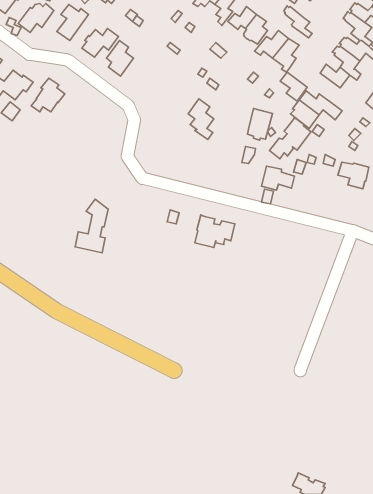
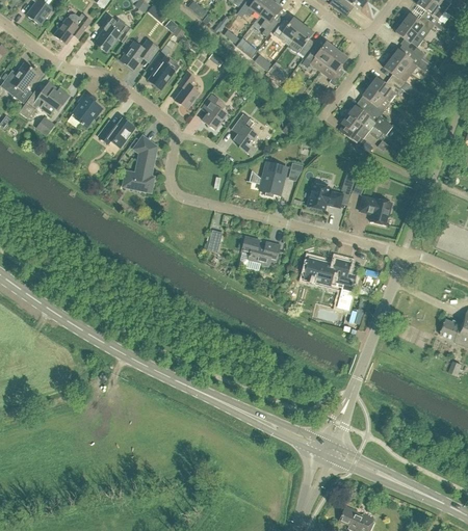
building: [284,6,312,38] -> none
building: none -> [175,72,199,107]
building: [280,72,307,101] -> [362,85,390,115]
building: none -> [202,94,227,128]
building: none -> [98,117,134,147]
building: [248,108,272,140] -> [260,161,286,194]
building: [270,117,311,159] -> none
building: [338,162,369,189] -> [359,195,391,223]
building: [75,199,108,253] -> [122,135,156,191]
building: none -> [303,256,355,290]

